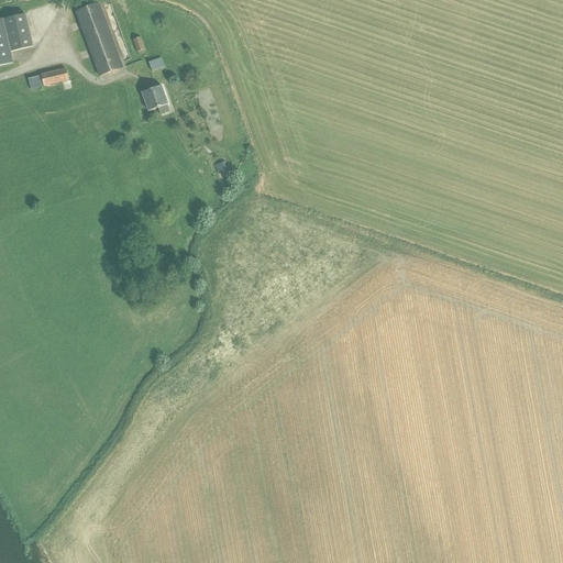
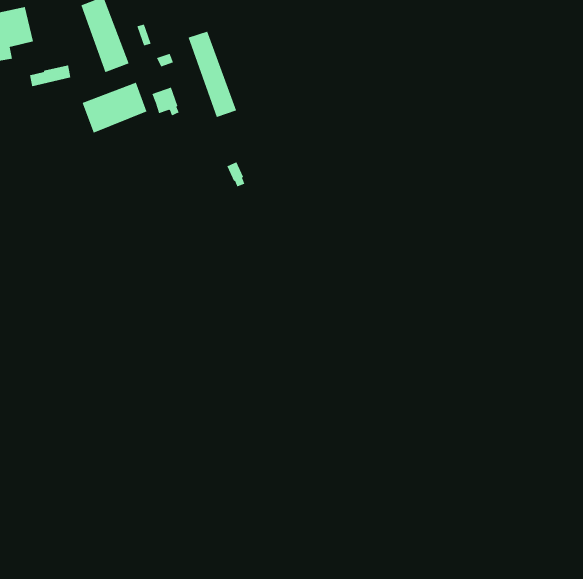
building: none -> [188,31,237,118]
building: none -> [82,82,147,134]

